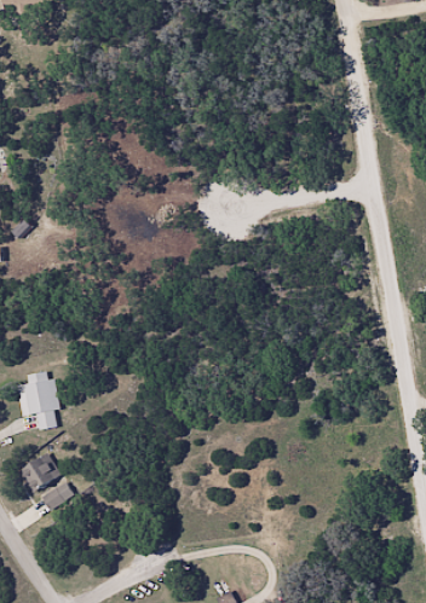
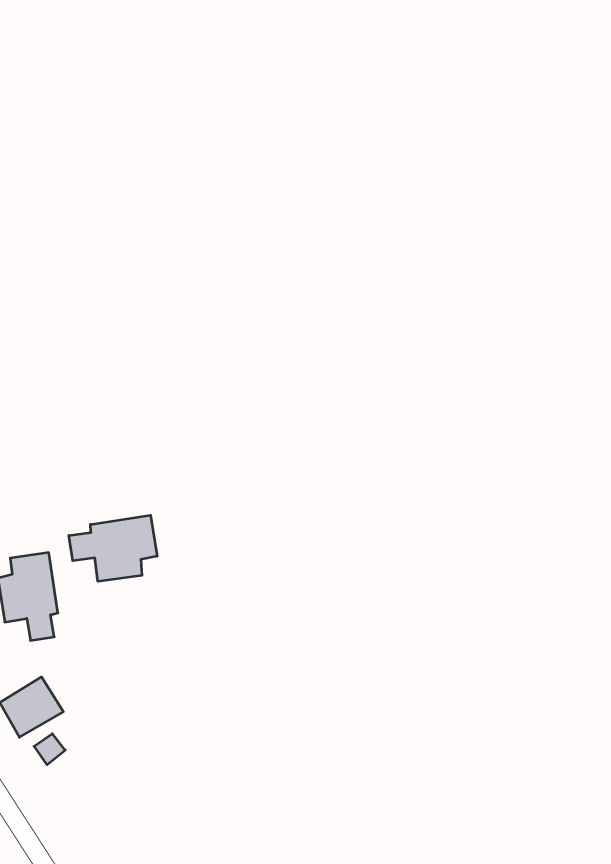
building: none -> [69,515,157,581]

